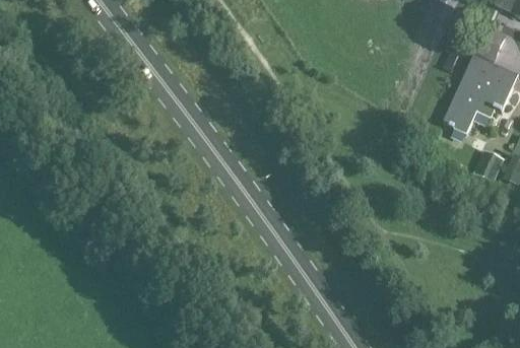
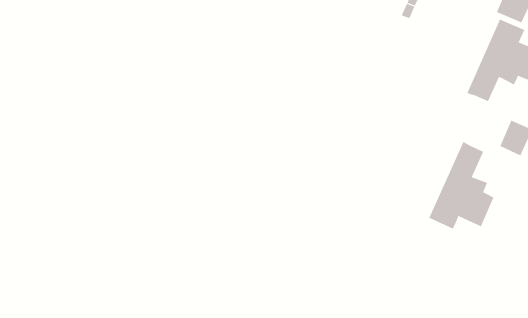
building: none -> [428,141,494,229]

